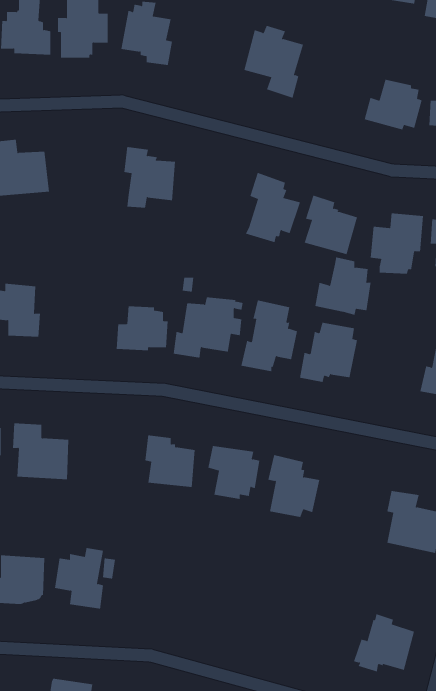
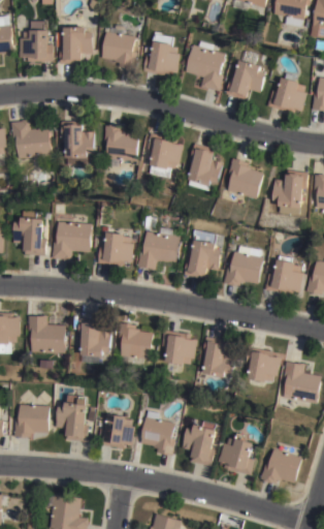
building: none -> [143,31,183,75]
building: none -> [226,50,268,99]
building: none -> [62,121,95,164]
building: none -> [148,132,184,178]
building: [314,257,372,315] -> [265,255,304,295]
building: none -> [52,222,92,260]
building: none -> [78,318,112,364]
building: none -> [247,347,282,384]
building: none -> [141,410,177,457]
building: none -> [98,415,136,449]
building: none -> [183,427,218,467]
building: none -> [219,438,256,475]

